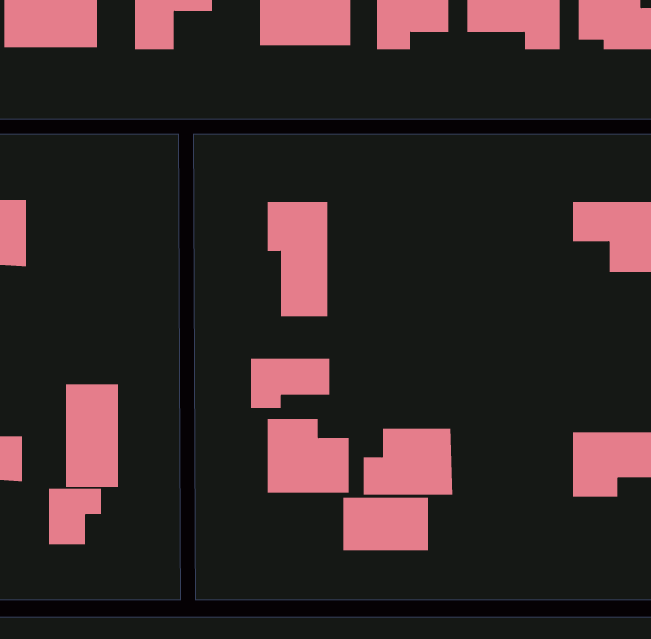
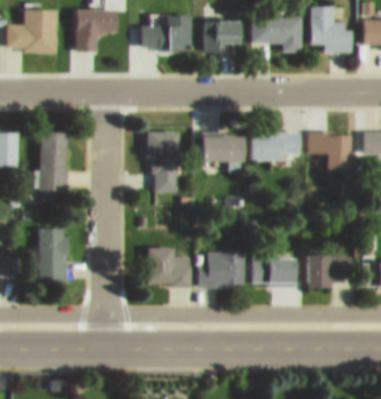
building: none -> [39,131,67,190]
building: none -> [200,133,246,162]
building: none -> [252,133,298,161]
building: [251,358,330,409] -> none
building: [49,488,101,545] -> none
building: [343,497,429,551] -> [251,259,296,287]

